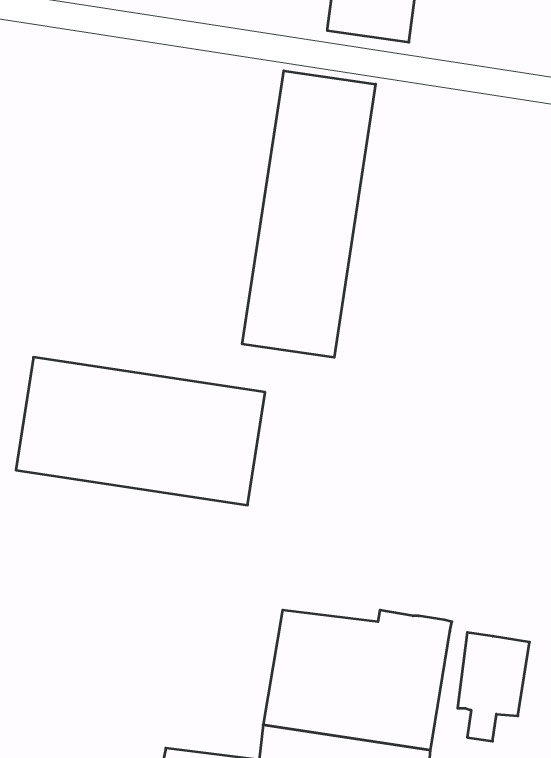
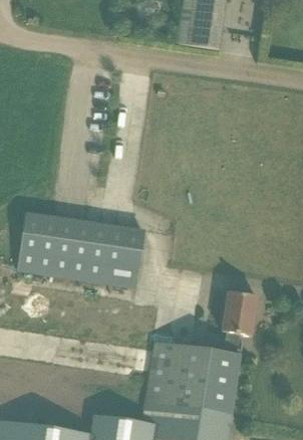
building: [242,71,376,357] -> none
building: [458,632,530,741] -> [221,292,258,349]

